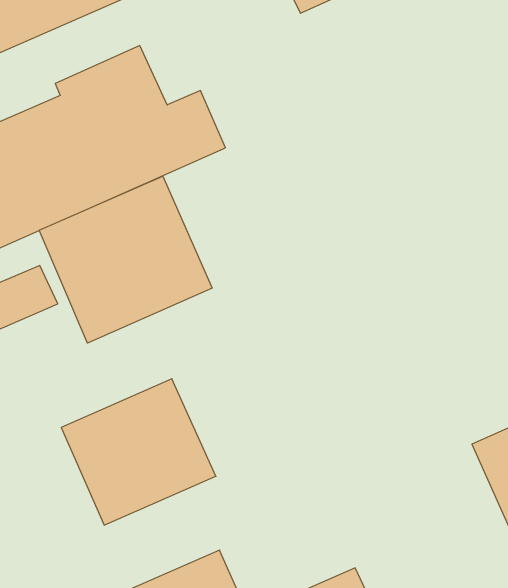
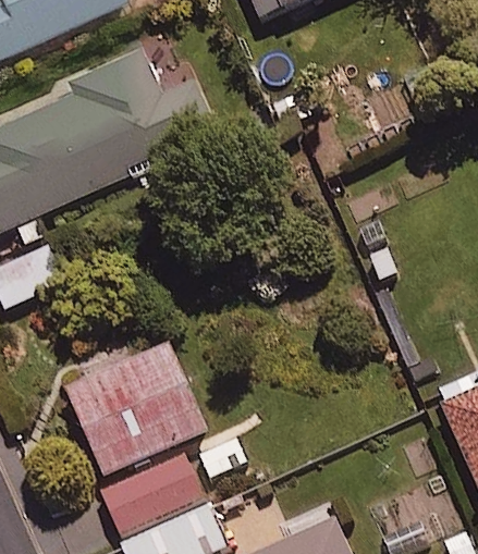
building: [39,176,212,343] -> none
building: none -> [101,453,204,531]

